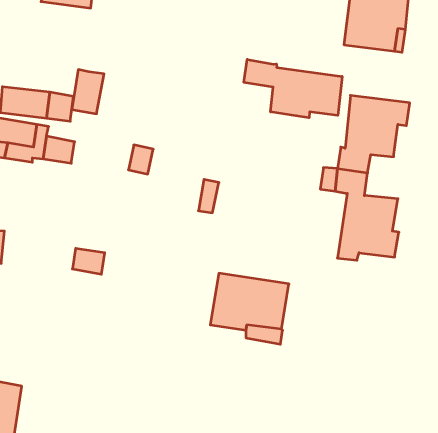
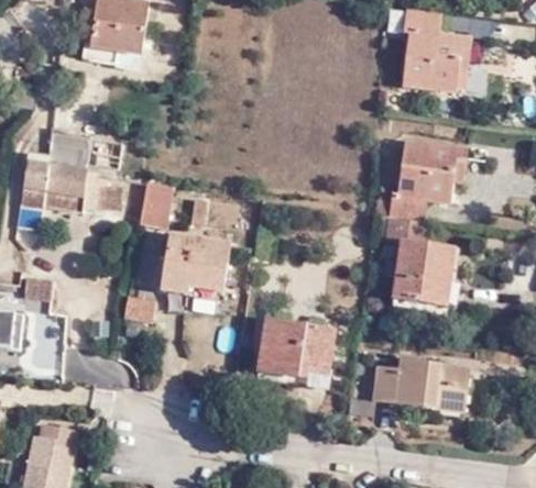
building: [244,59,342,118] -> none
building: [72,70,104,114] -> [140,179,173,224]
building: none -> [155,240,225,299]
building: none -> [372,353,472,411]

